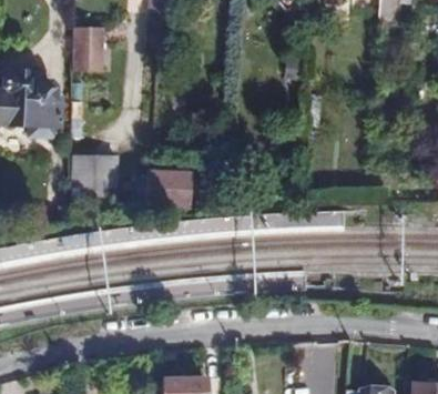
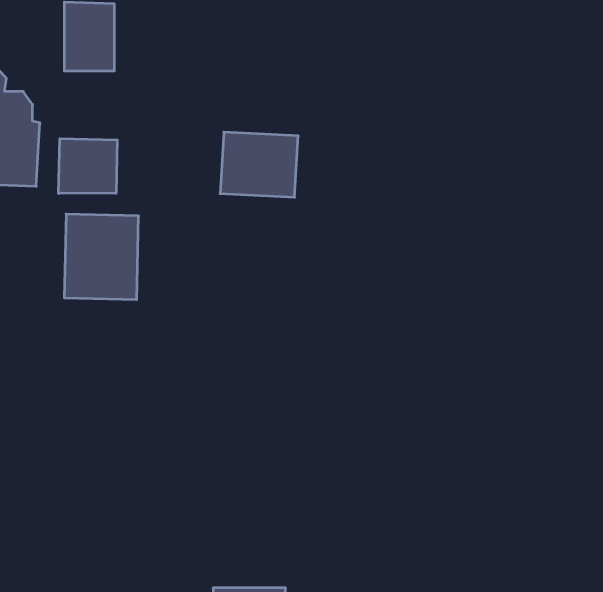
building: none -> [59,139,117,194]
building: [147,166,194,205] -> [220,132,298,197]

